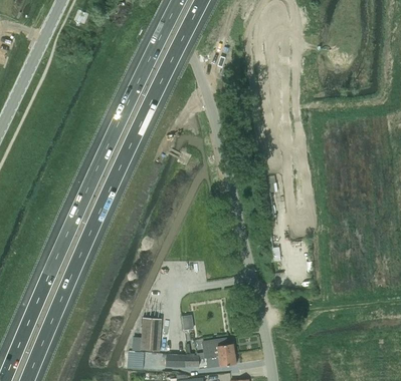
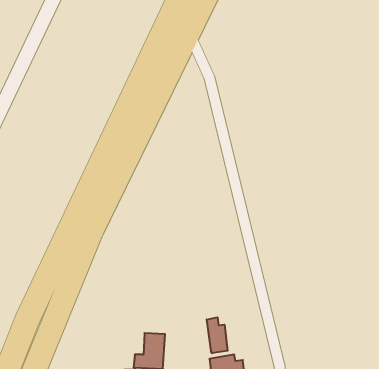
building: none -> [207,317,228,353]

